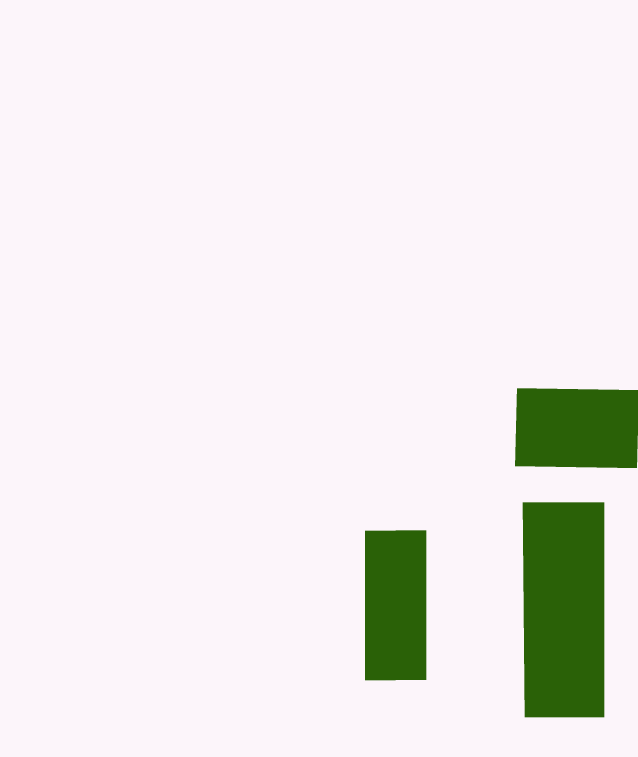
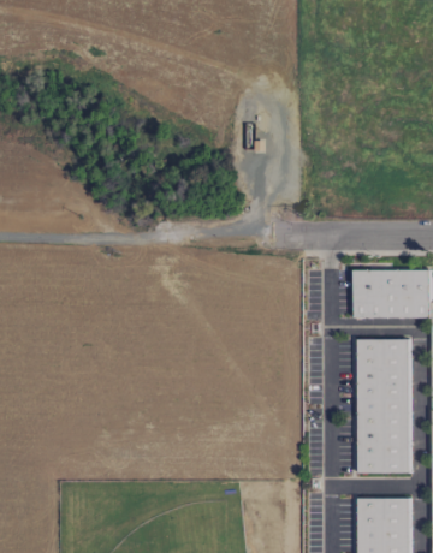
building: [364,529,427,681] -> none

